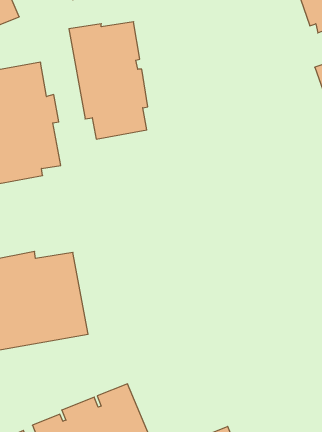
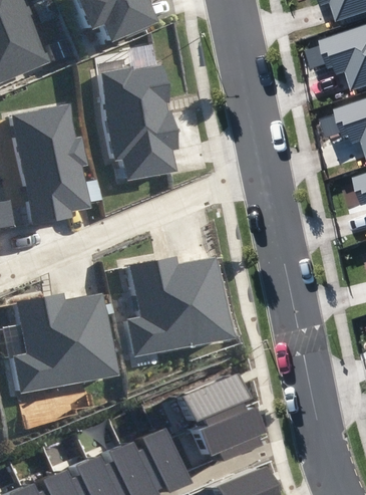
building: none -> [121,256,225,356]
building: none -> [166,372,248,461]

